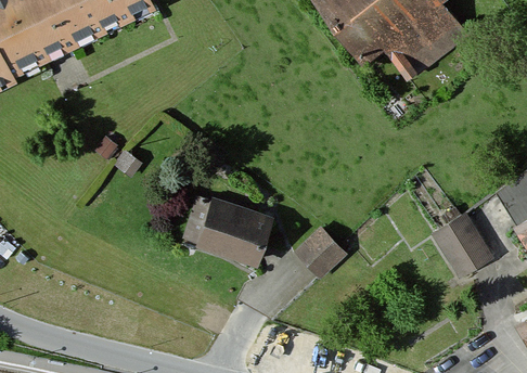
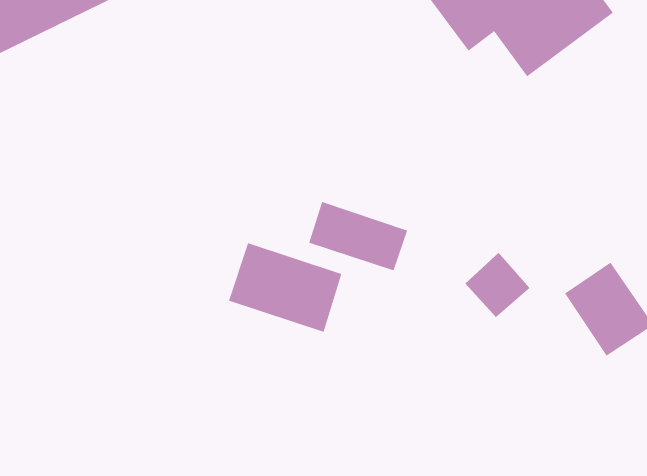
building: none -> [309,201,408,271]
building: [299,228,347,275] -> [464,252,530,318]

